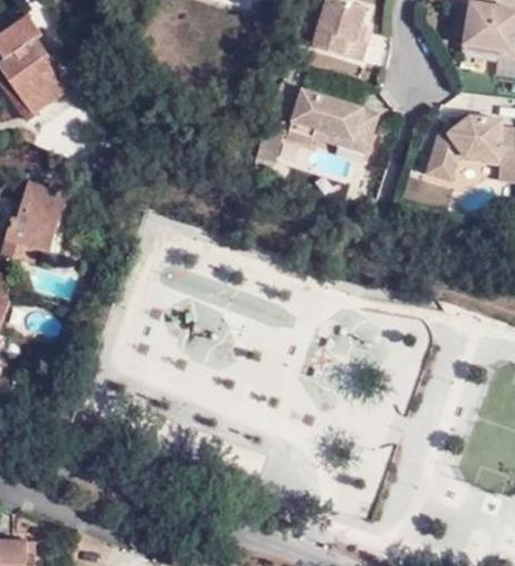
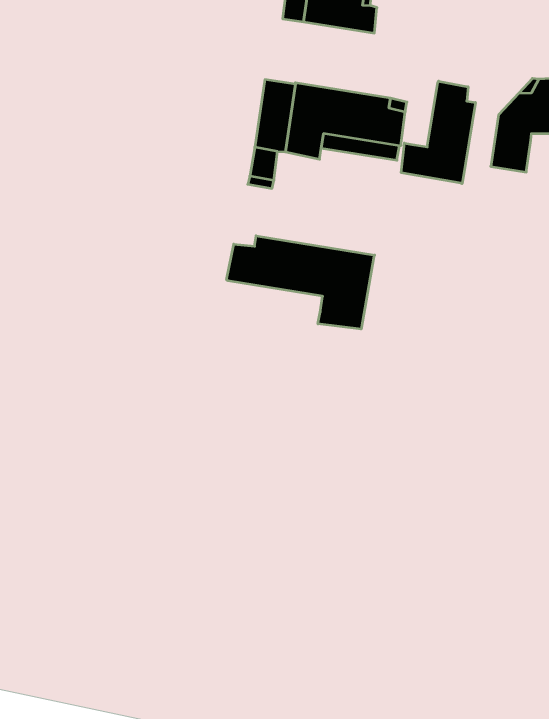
building: none -> [401,81,475,184]
building: none -> [227,236,375,329]

